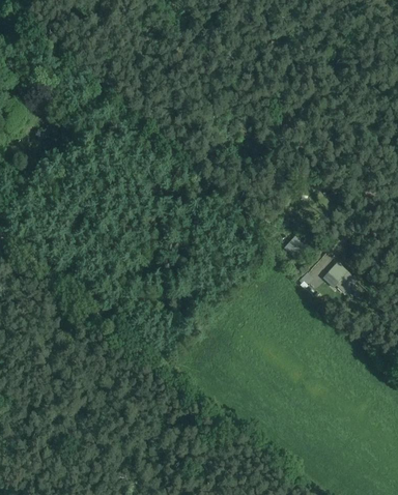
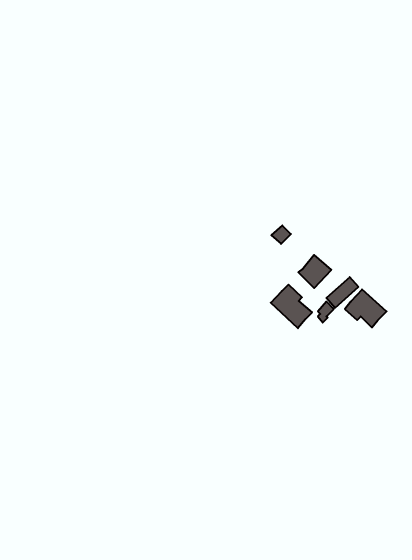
building: none -> [271,285,312,328]

